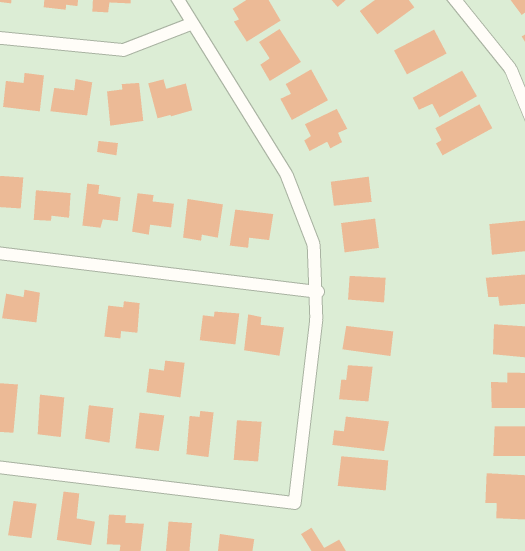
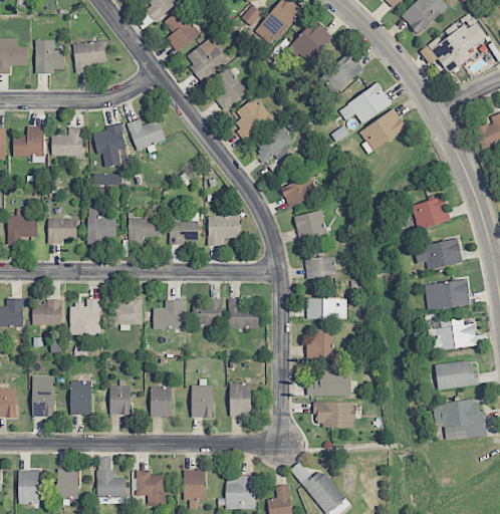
building: none -> [69,298,100,335]
building: [145,360,186,398] -> [153,300,182,329]

